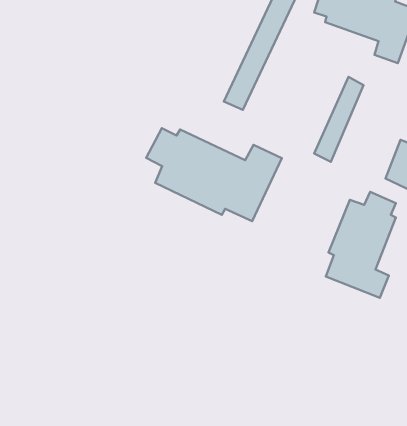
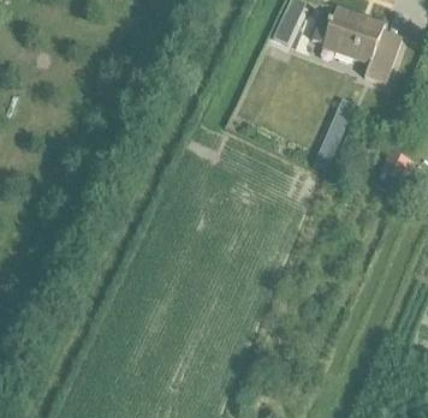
building: [146,128,282,221] -> none
building: [326,192,396,298] -> none

